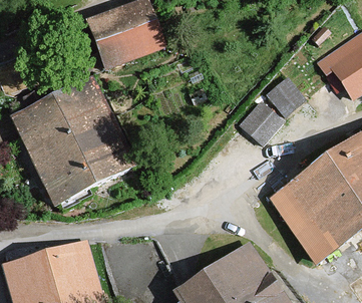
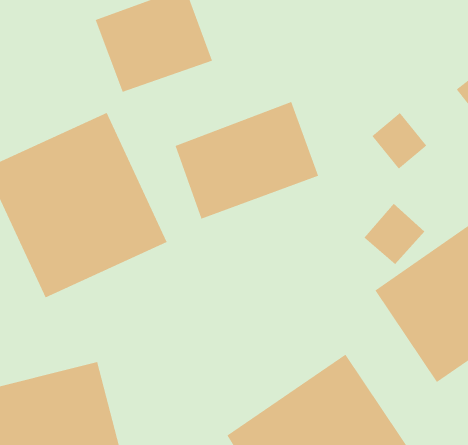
building: none -> [175,101,319,219]
building: [242,101,283,142] -> [363,203,425,265]

